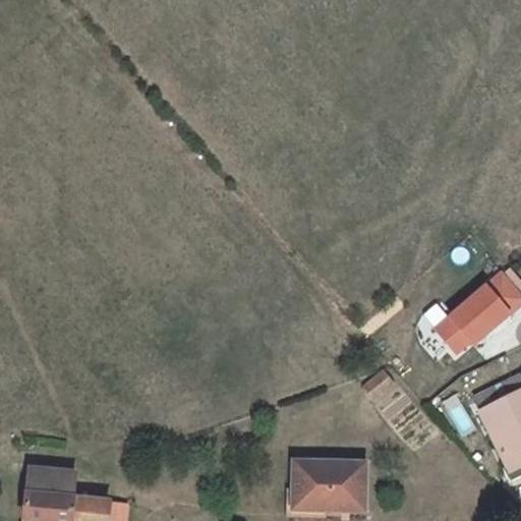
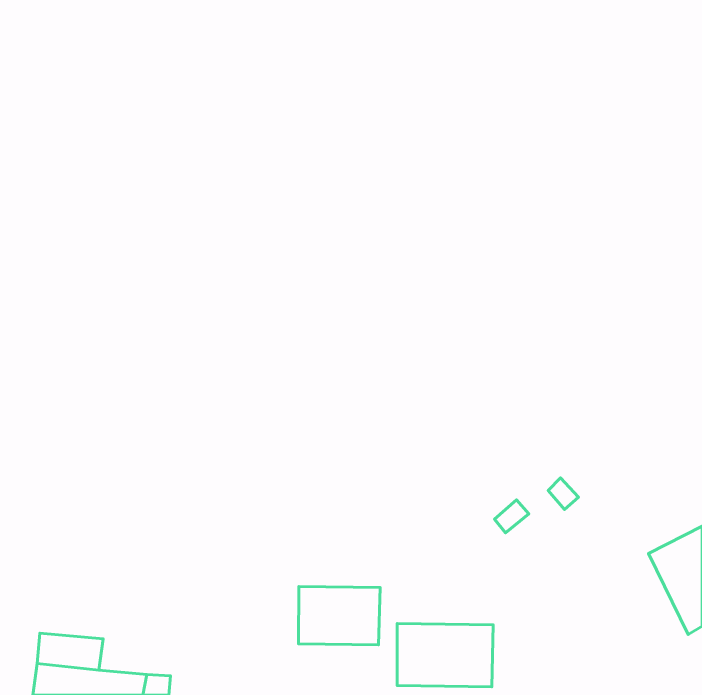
building: [435,280,516,351] -> none
building: none -> [298,586,380,645]

